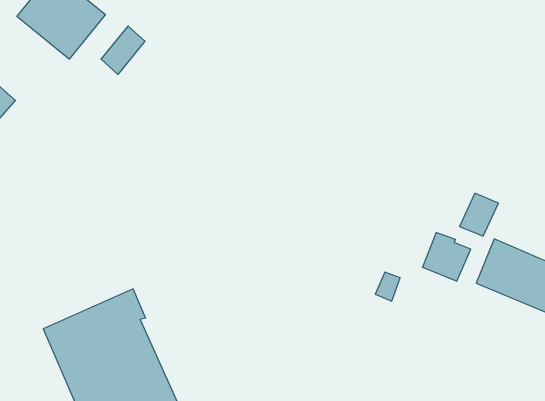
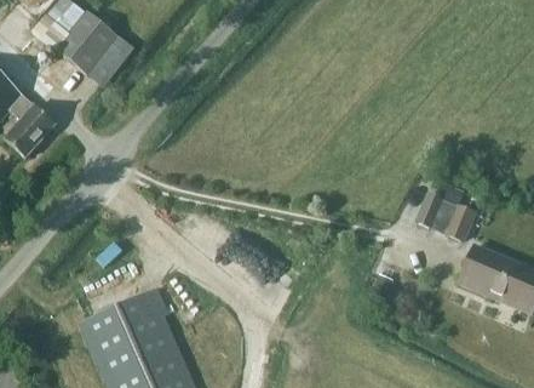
building: [101,26,145,74] -> none
building: [422,233,471,281] -> [413,190,455,233]

